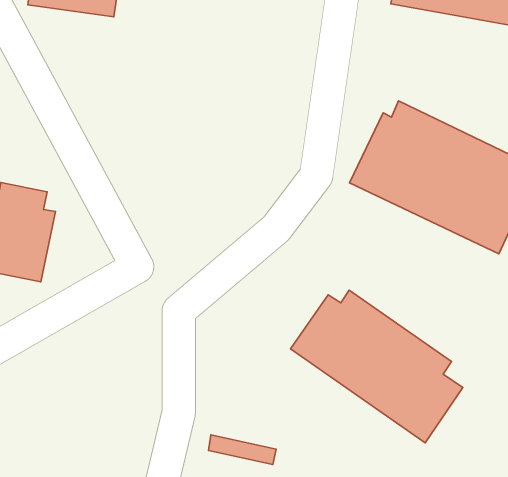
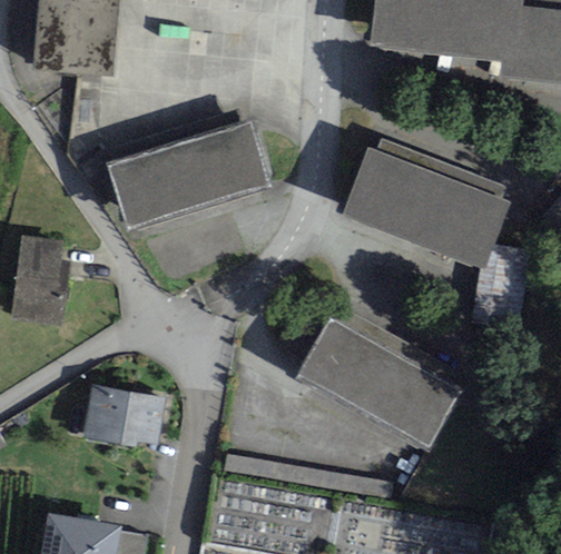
building: none -> [108,121,269,231]
building: none -> [82,385,165,447]

